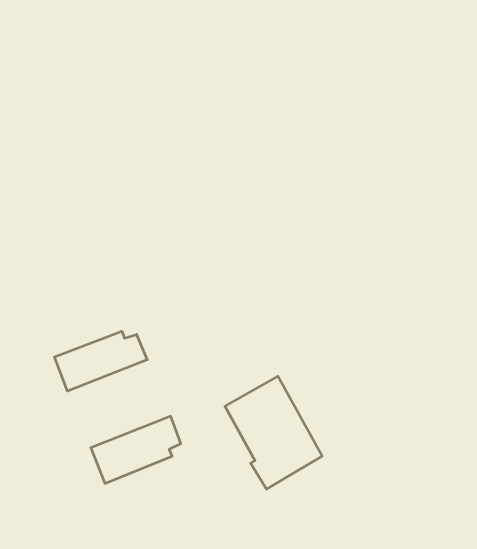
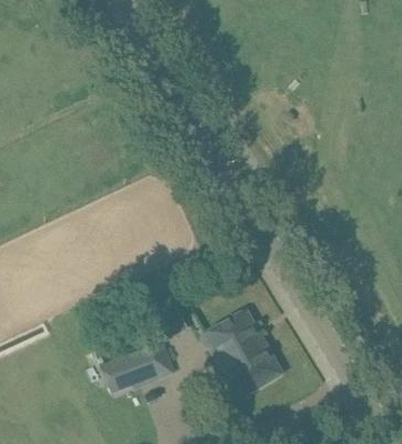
building: [54,331,147,391] -> none

